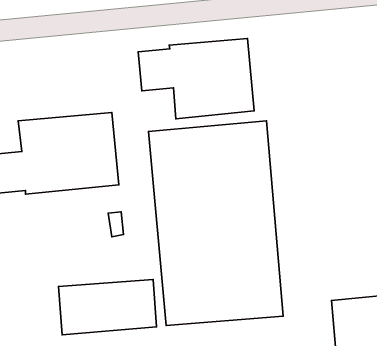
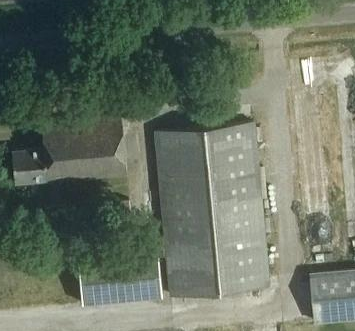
building: [138,38,254,119] -> none

